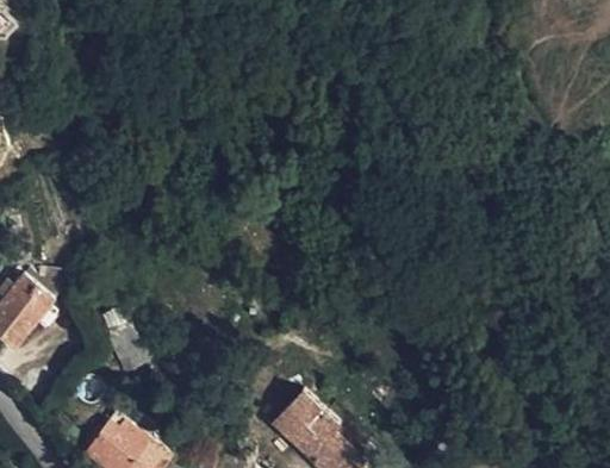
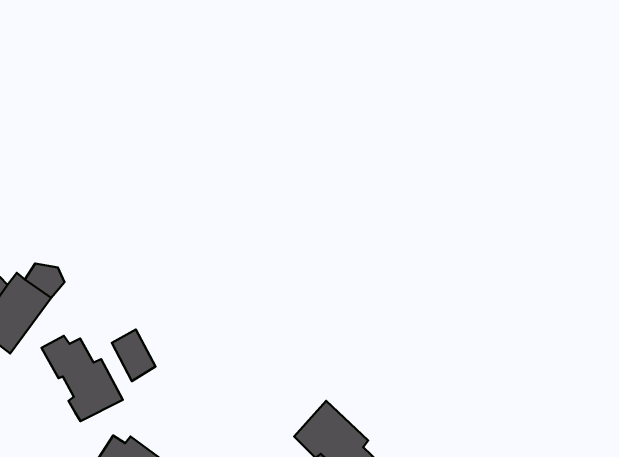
building: none -> [41,336,123,421]

